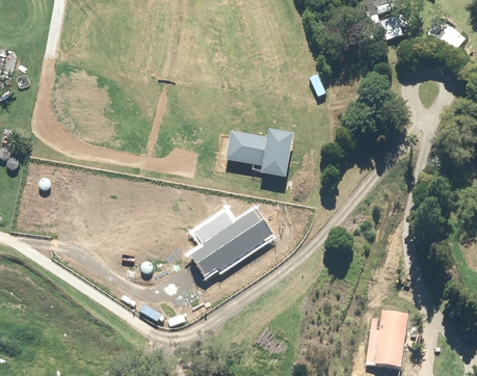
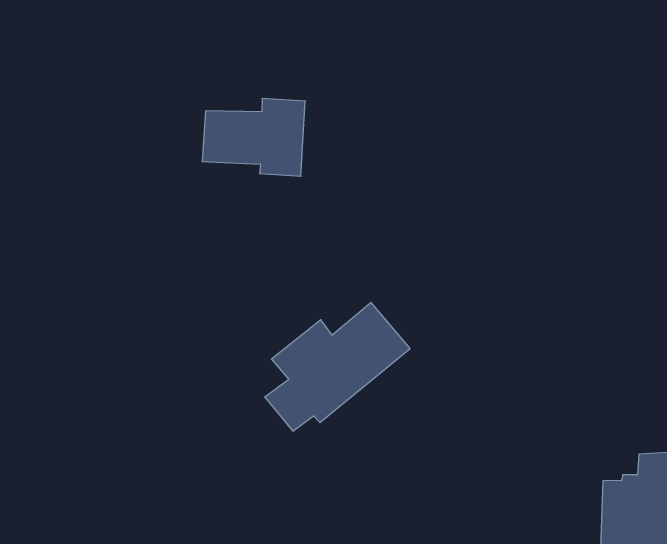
building: [228,128,289,173] -> [202,99,305,176]

